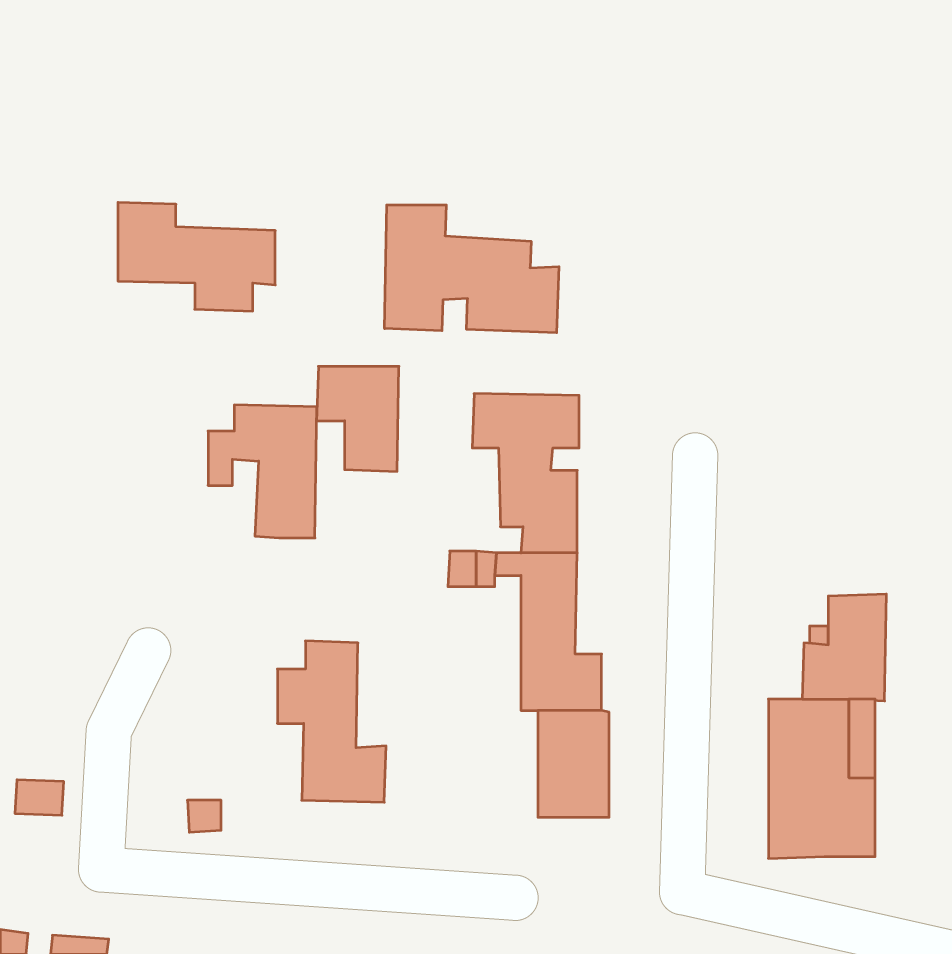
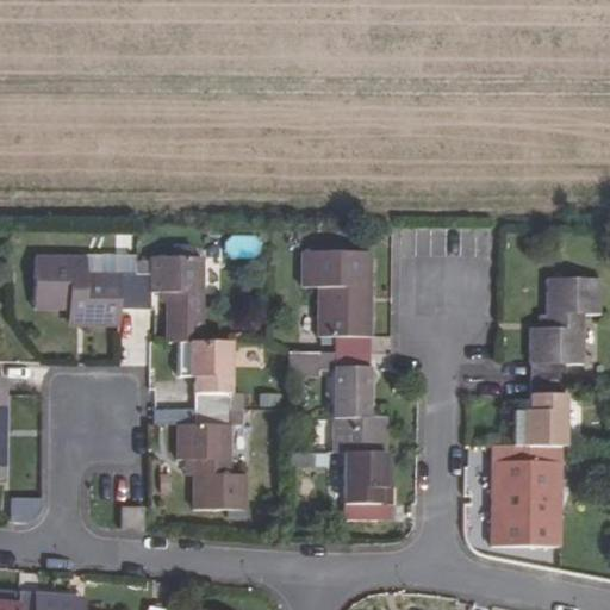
building: [118,202,275,311] -> [36,256,136,325]
building: [385,205,559,333] -> none
building: [317,366,399,471] -> [180,342,232,409]
building: none -> [530,275,602,379]

